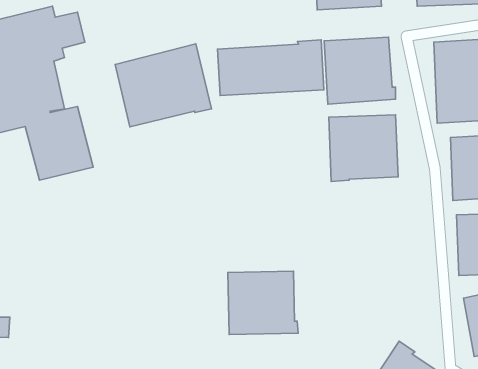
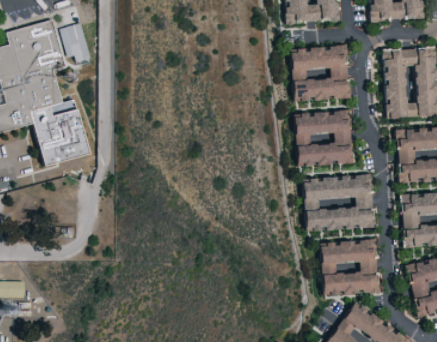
building: [218,40,324,96] -> none
building: [115,44,211,127] -> none
building: none -> [304,175,374,231]
building: [228,271,298,334] -> [321,241,380,294]

